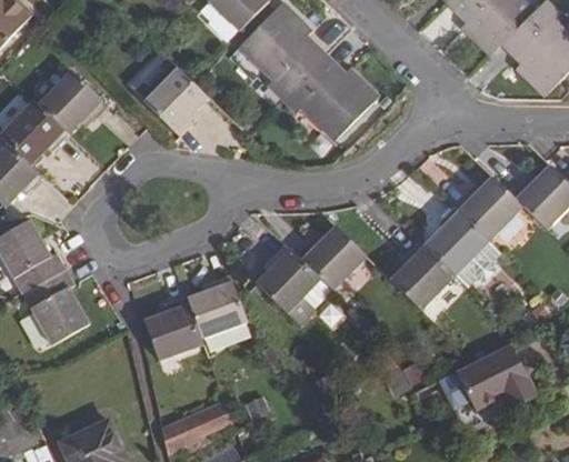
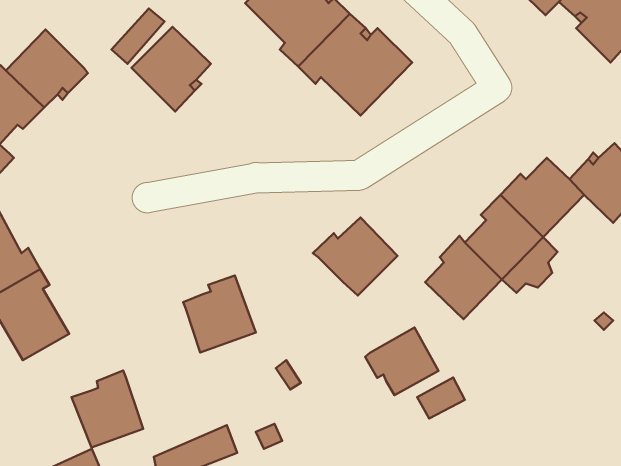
building: [256,244,320,313] -> none
building: [142,297,202,361] -> [72,371,143,447]
building: none -> [365,327,439,395]
building: [453,345,533,411] -> none

